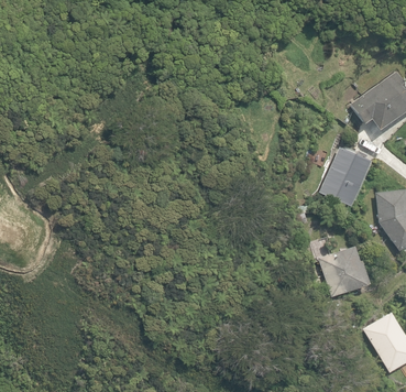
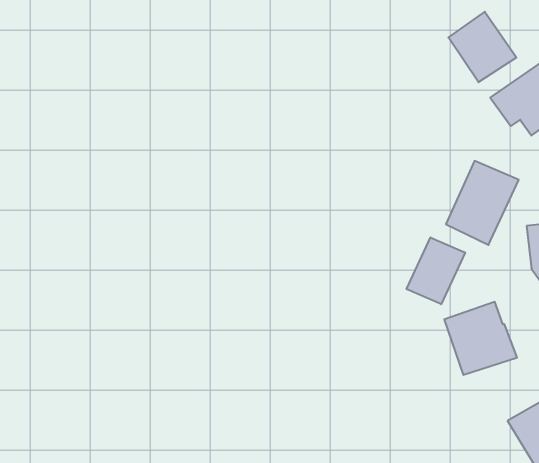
building: none -> [448,12,516,82]
building: none -> [407,237,465,304]

